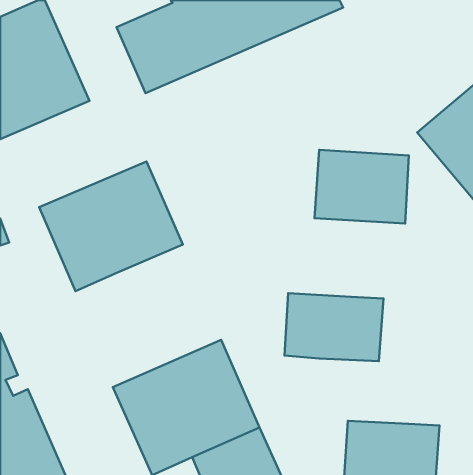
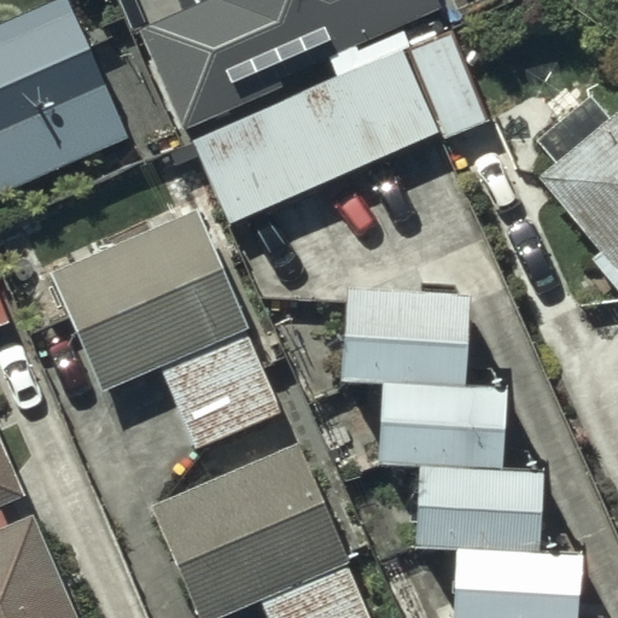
building: none -> [199,56,439,218]
building: [315,150,409,224] -> [342,291,464,386]
building: none -> [157,319,279,442]
building: none -> [413,466,538,550]

